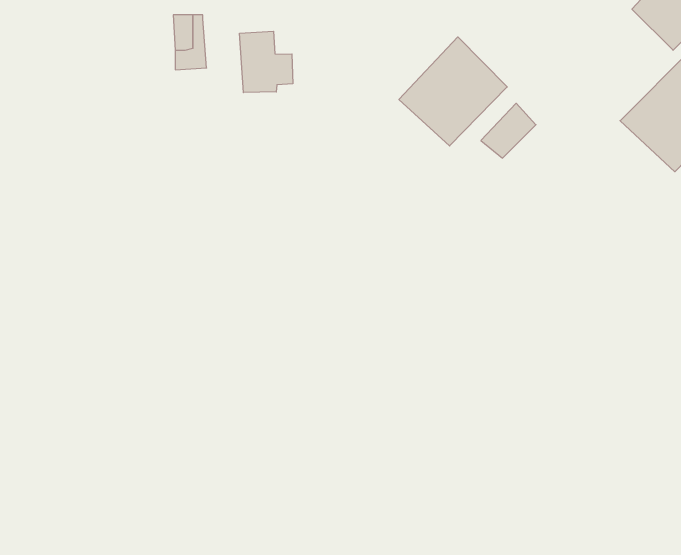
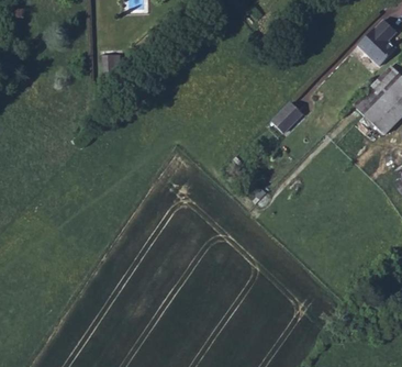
building: [240,31,293,93] -> none
building: [399,37,507,146] -> none

